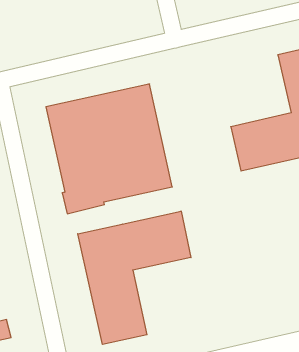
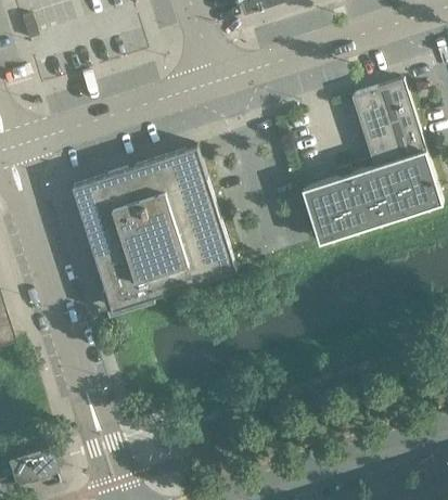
building: [78,211,191,344] -> none

